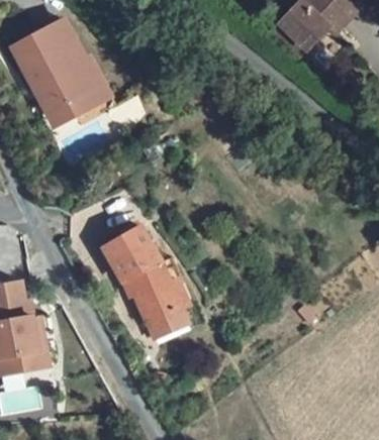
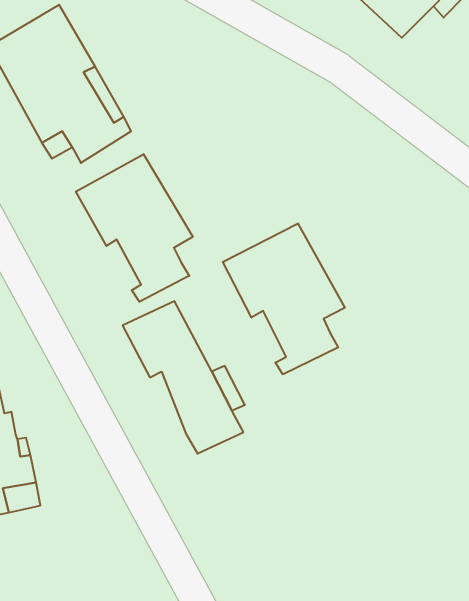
building: none -> [76,154,193,302]
building: none -> [223,223,345,374]

